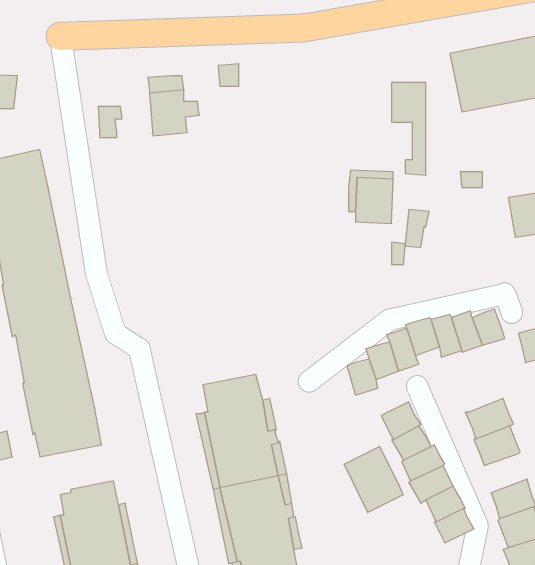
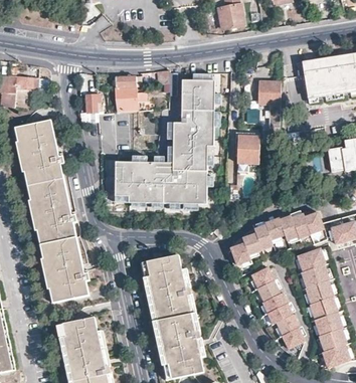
building: none -> [110,78,219,206]
building: none -> [298,250,326,274]
building: [344,446,403,513] -> none
building: none -> [311,299,337,322]

